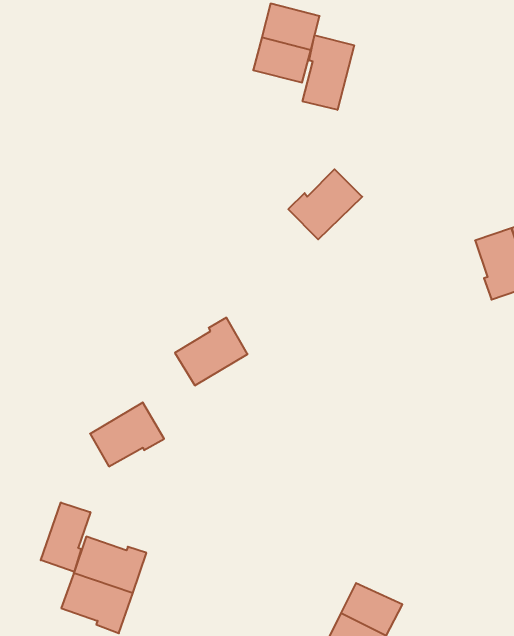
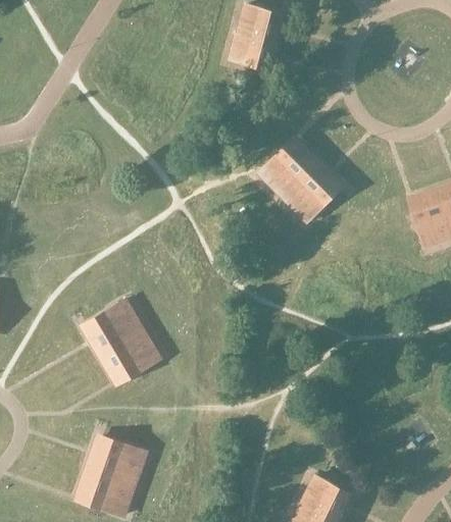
building: [303,35,354,110] -> none
building: none -> [284,162,341,221]
building: [175,318,248,385] -> [82,300,141,355]
building: [41,502,90,572] -> none

